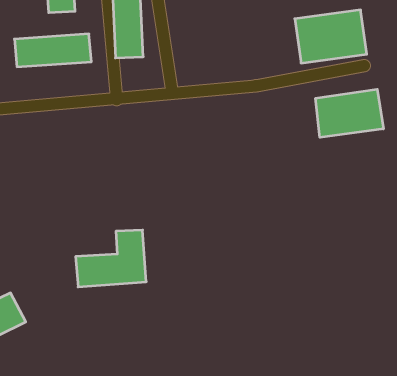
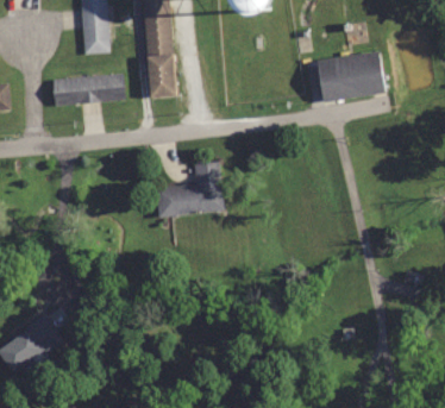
building: [316,89,383,137] -> none
building: [76,230,146,287] -> [156,162,222,215]

